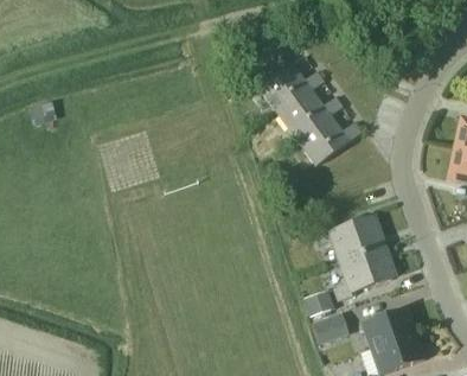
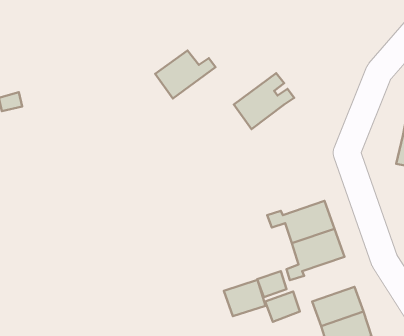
building: [258,62,322,113] -> [155,50,215,99]
building: [296,113,360,165] -> none
building: none -> [224,280,265,316]

